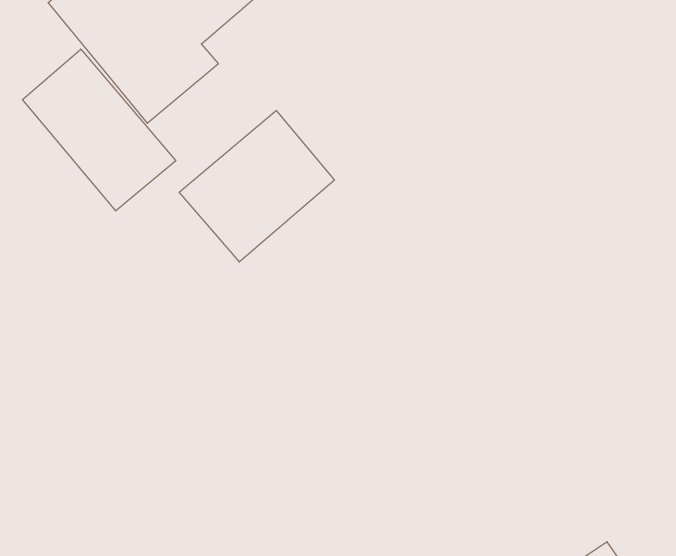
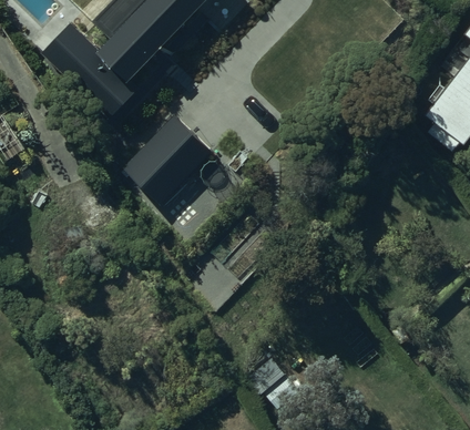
building: [23,49,176,211] -> none

